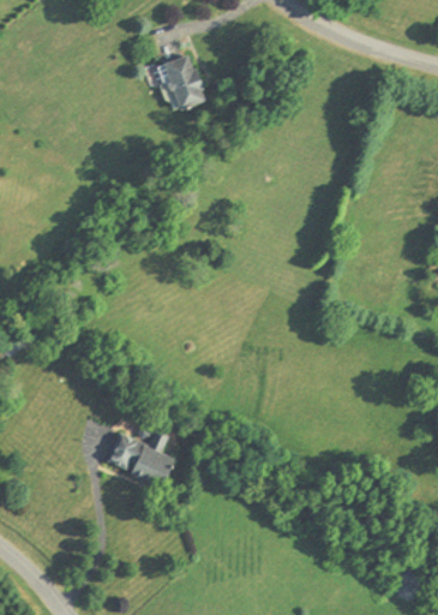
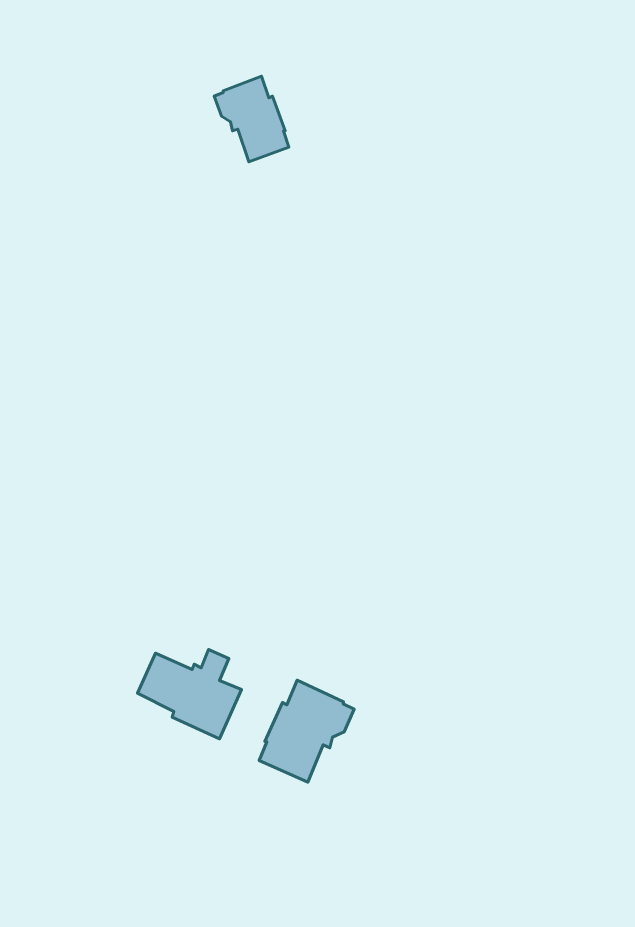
building: none -> [259,680,354,782]

